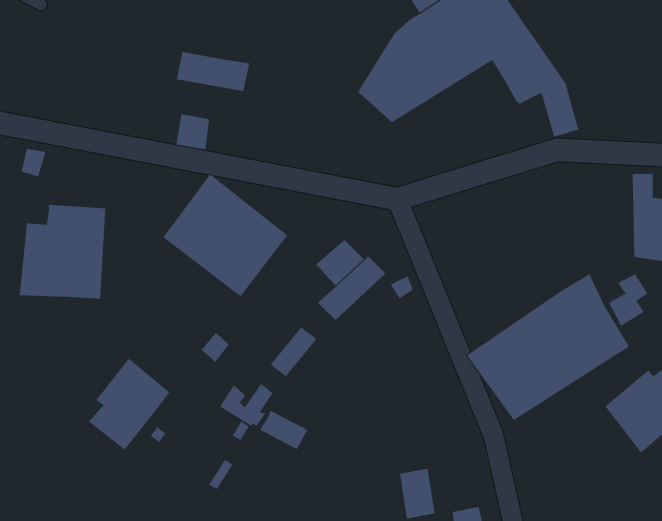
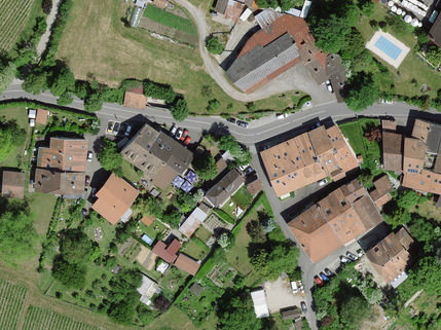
building: [176,51,250,92] -> none
building: none -> [261,125,357,195]
building: [88,358,170,451] -> [93,171,139,223]

